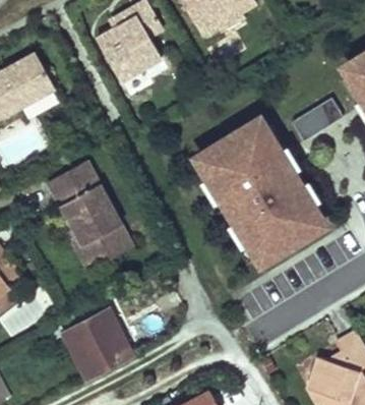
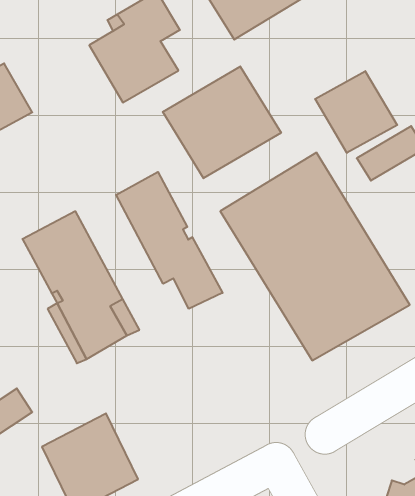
building: none -> [163,66,281,178]
building: none -> [315,71,397,153]
building: none -> [116,172,223,309]

